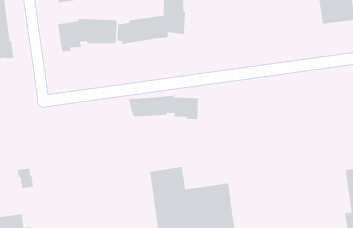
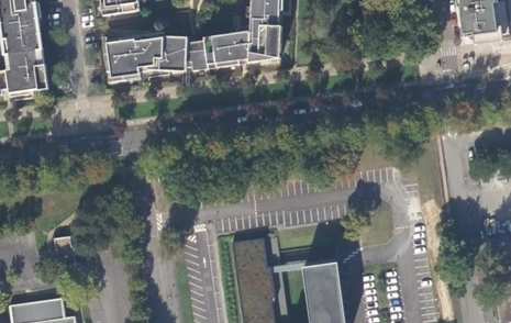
building: [128,95,199,120] -> none

